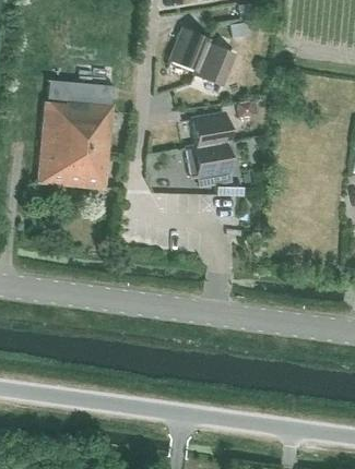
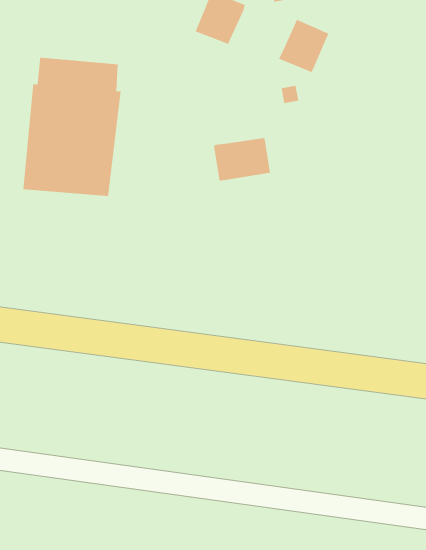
building: [196,44,235,85] -> [278,19,329,73]
building: [192,113,230,146] -> none

